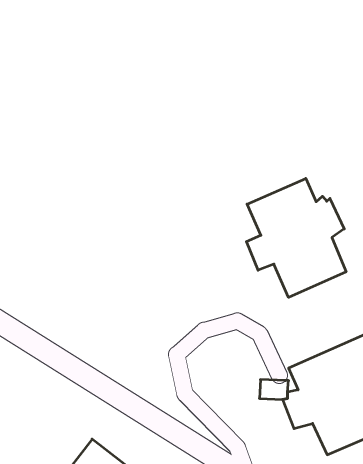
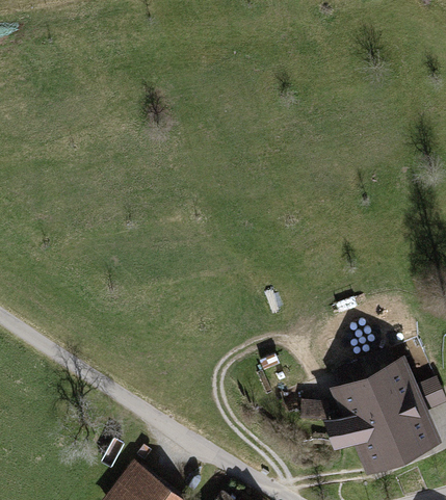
building: [246,178,346,297] -> none

